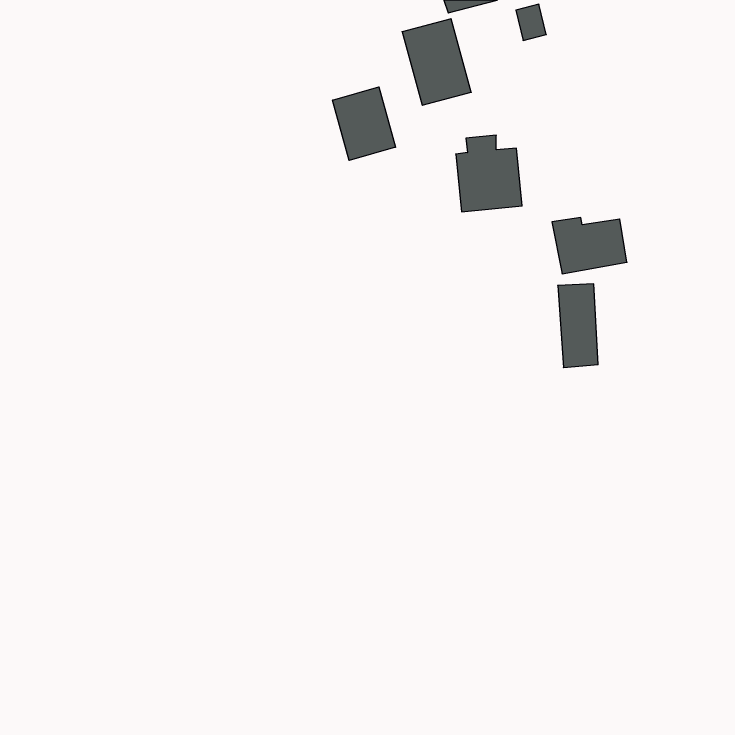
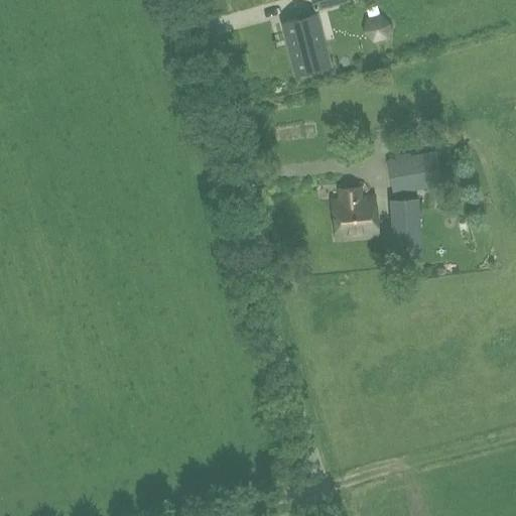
building: [333,87,396,160] -> none
building: [456,135,522,212] -> [332,187,378,241]

